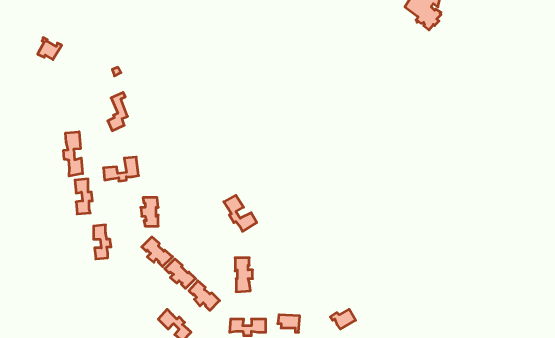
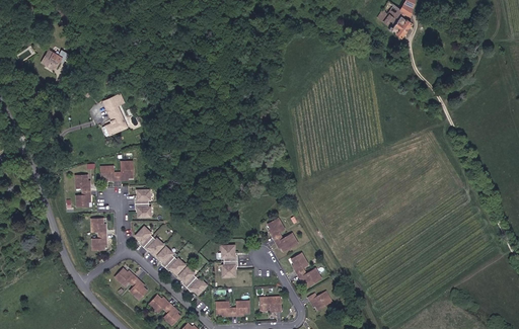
building: [64,132,83,176] -> none
building: [224,195,257,231] -> [266,222,296,255]
building: none -> [292,256,321,290]
building: none -> [116,268,147,300]

